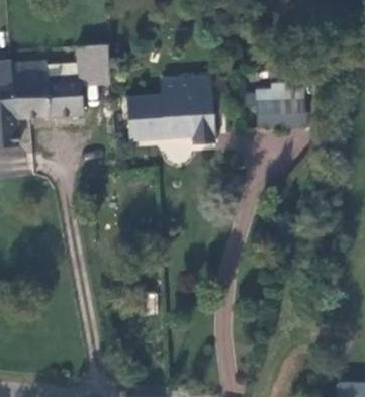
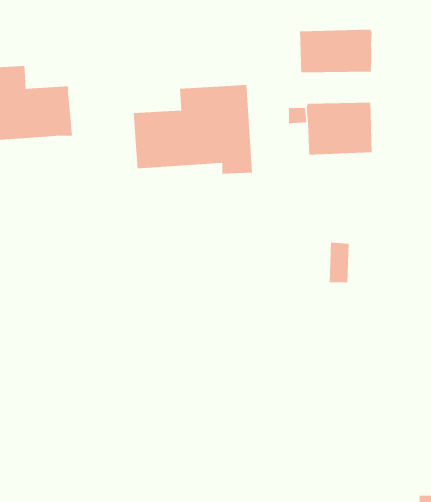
building: none -> [300,29,372,73]
building: [76,44,109,83] -> none

